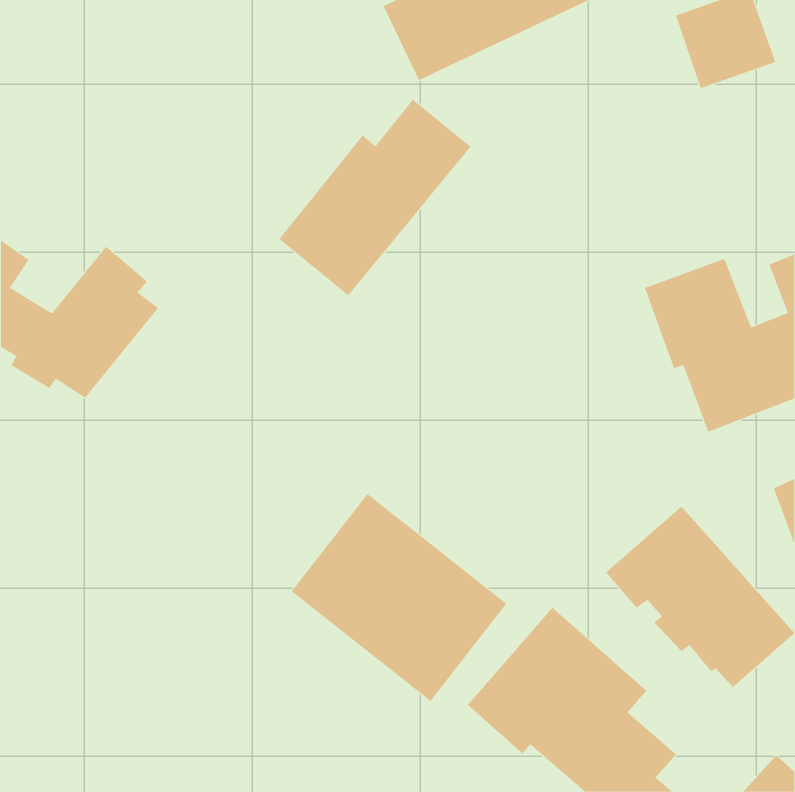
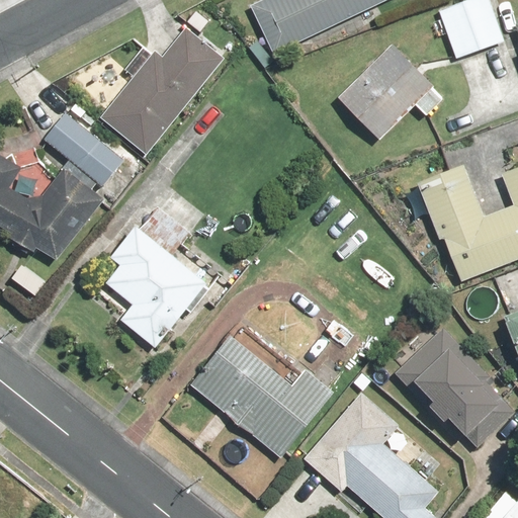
building: none -> [337,44,445,140]
building: [279,99,471,296] -> [99,26,225,155]
building: none -> [42,111,123,186]
building: none -> [104,226,207,349]

